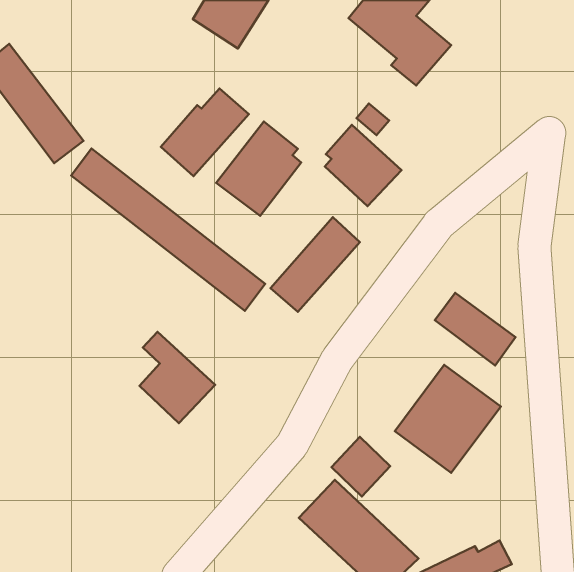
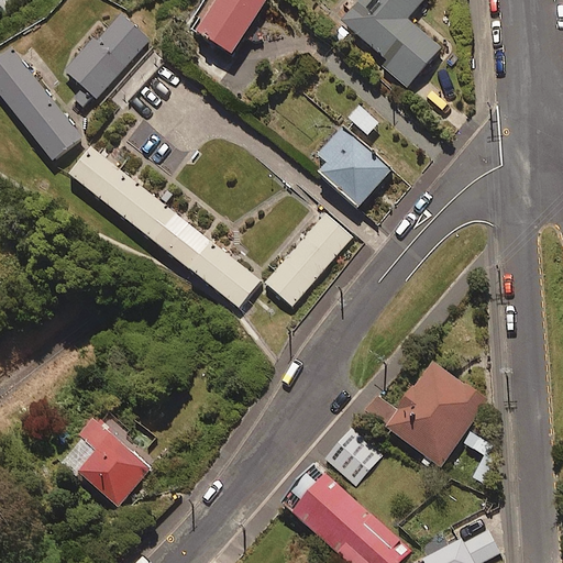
building: [161,88,249,176] -> [64,14,150,100]
building: [216,122,301,216] -> none
building: [435,293,516,365] -> none
building: [140,332,215,423] -> [77,417,151,506]

